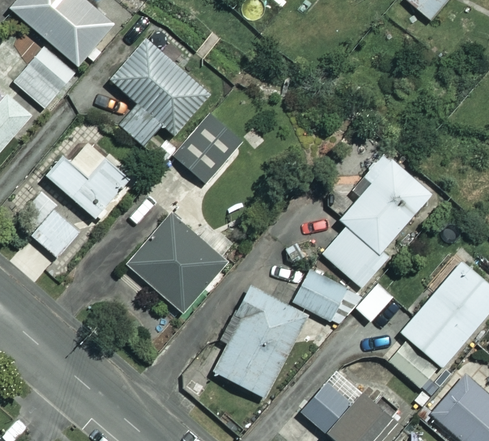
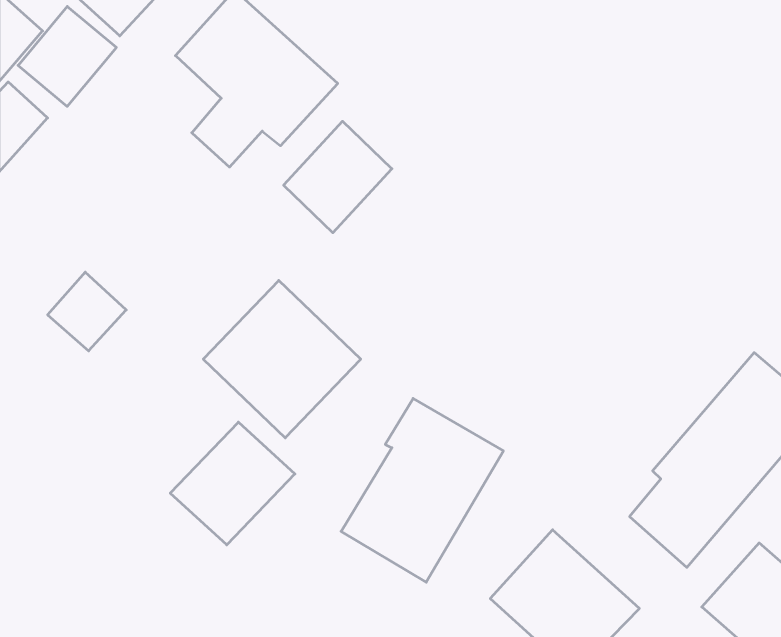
building: [43,134,127,215] -> none
building: [321,154,432,288] -> none
building: [294,270,358,327] -> none
building: none -> [170,422,295,545]

